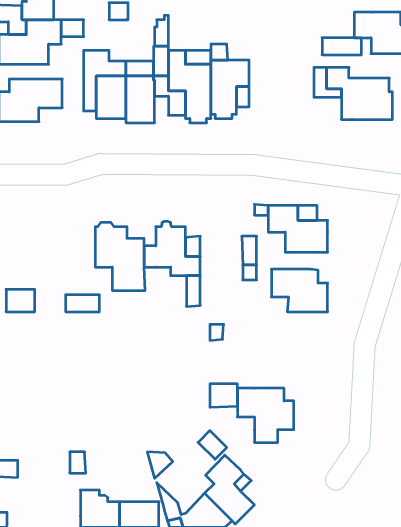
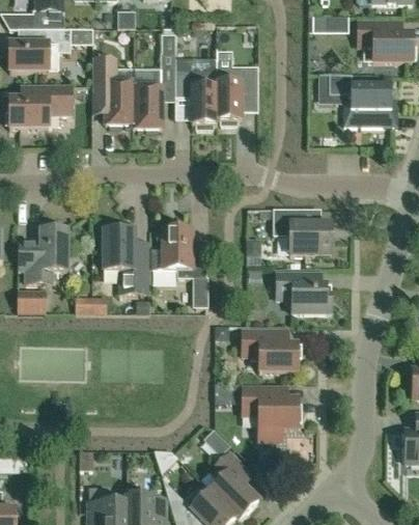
building: [322,38,361,55] -> [309,17,347,33]
building: none -> [17,229,67,282]
building: none -> [242,330,298,372]

